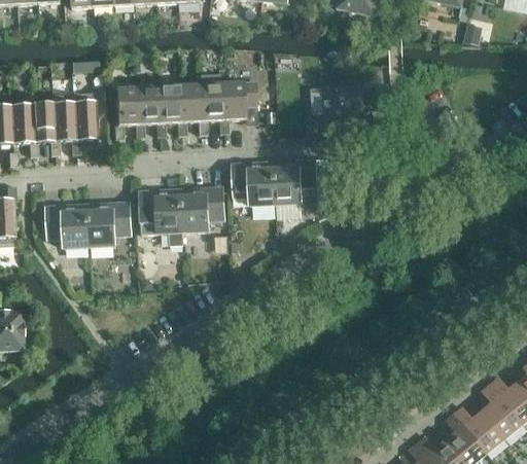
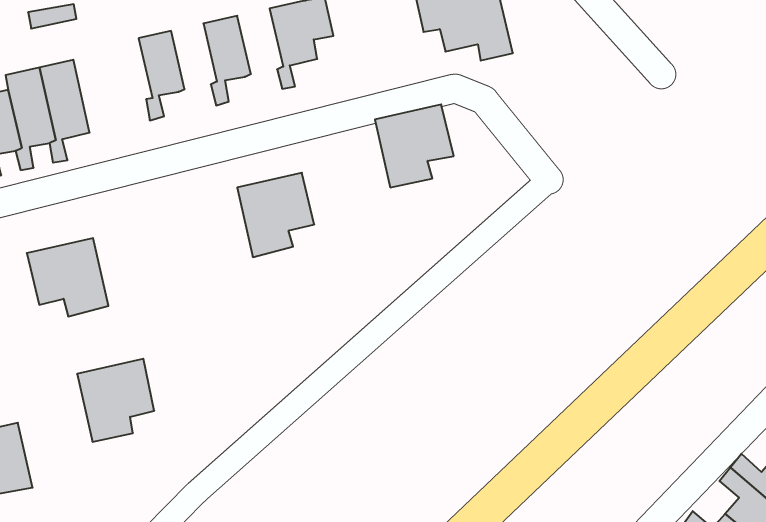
building: [198,82,222,134] -> none
building: [155,84,180,137] -> none
building: [113,86,139,139] -> none
building: [232,162,275,206] -> none
building: [139,188,183,245] -> none
building: [87,202,131,247] -> [77,359,154,442]

